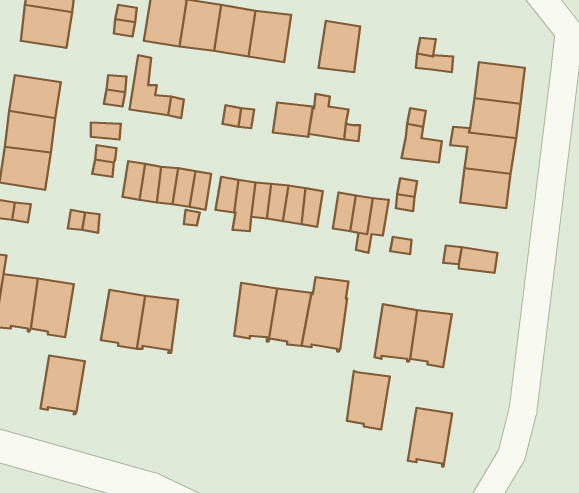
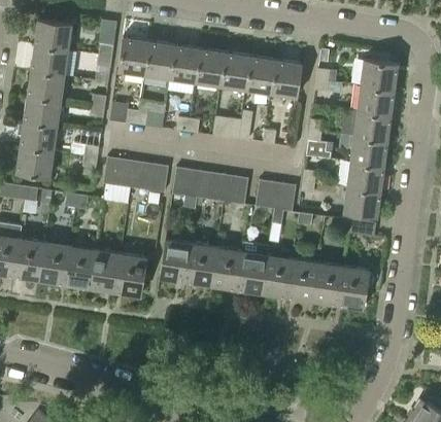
building: none -> [220,51,250,90]
building: none -> [271,60,302,97]
building: none -> [361,60,398,90]
building: none -> [27,70,64,100]
building: none -> [343,186,380,217]
building: none -> [158,240,190,282]
building: [41,355,85,414] -> [63,245,95,287]
building: [347,371,390,430] -> [261,255,292,297]
building: [408,408,452,466] -> [335,267,367,309]

